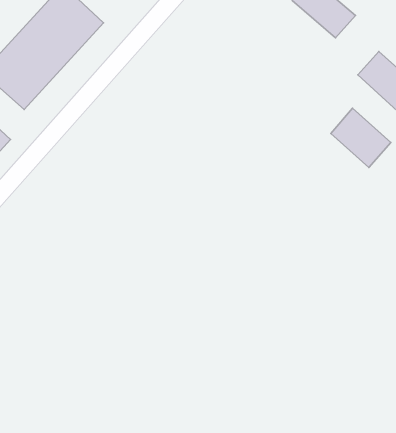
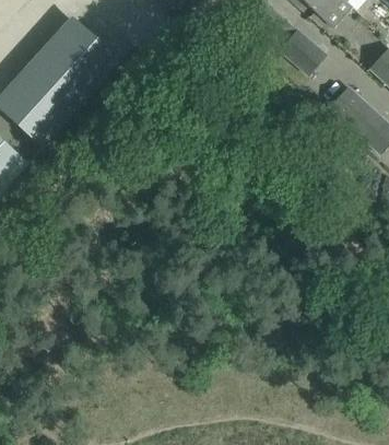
building: [331,108,391,168] -> none

